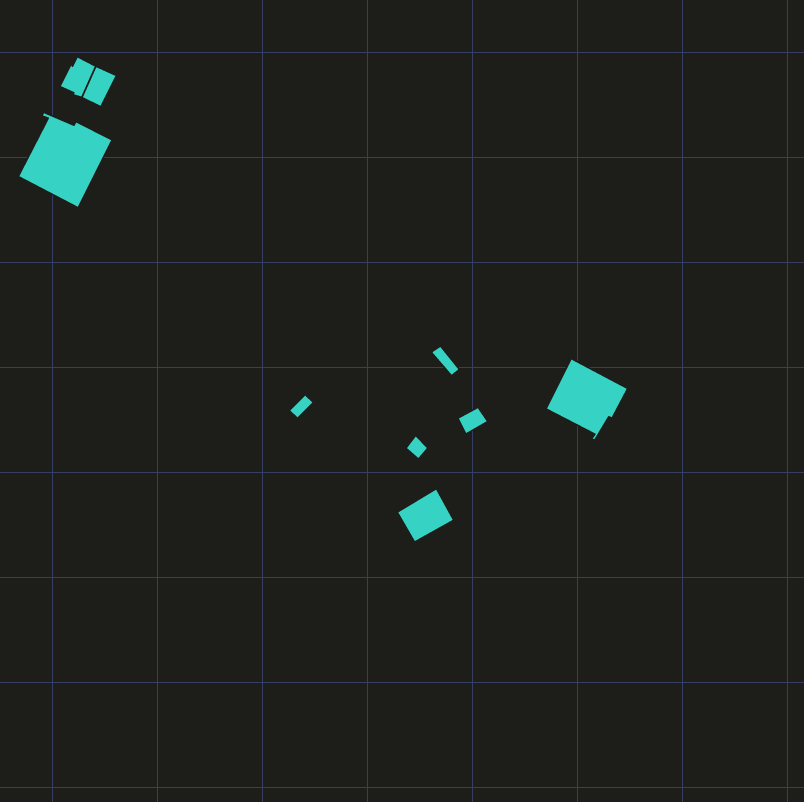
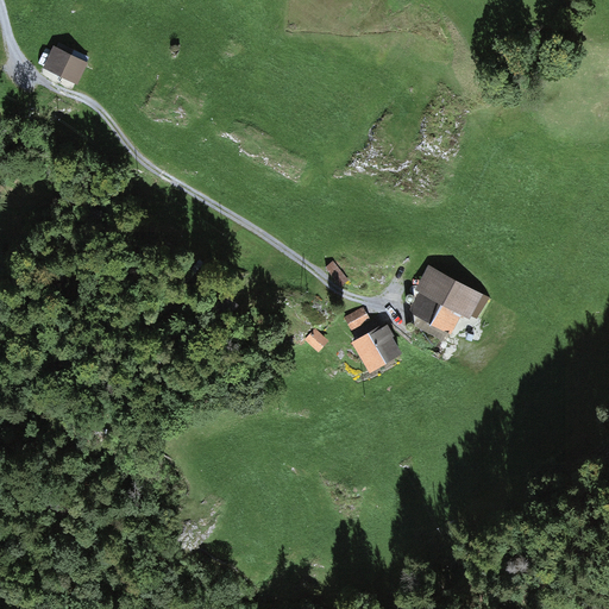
building: [18,112,112,208] -> none
building: [397,489,454,542] -> [354,327,397,368]

